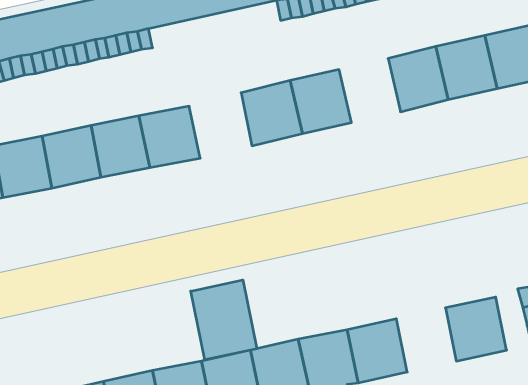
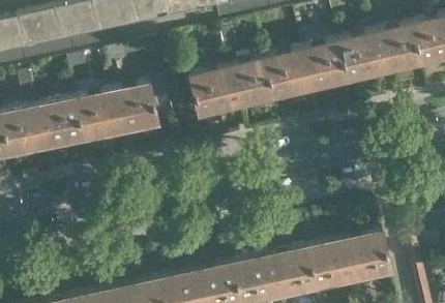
building: none -> [264,48,310,96]
building: [191,280,257,360] -> none
building: none -> [307,237,353,285]

